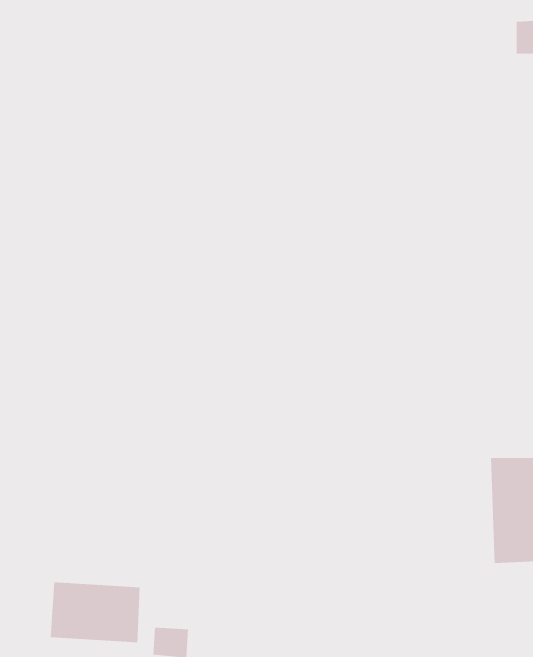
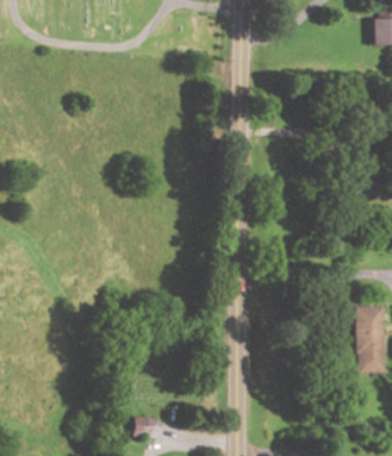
building: [50,581,140,643] -> none

